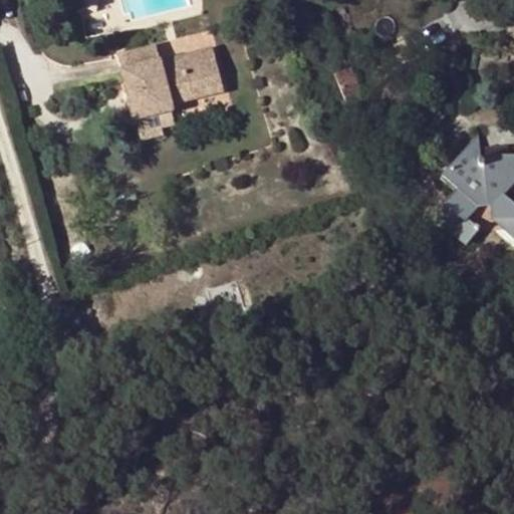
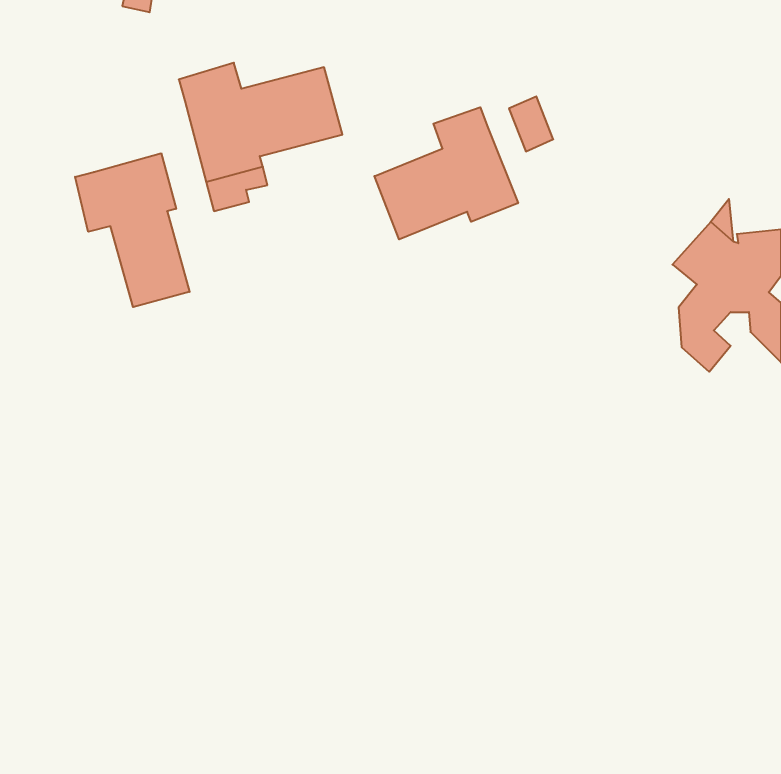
building: none -> [374,107,518,239]
building: none -> [75,153,190,307]

